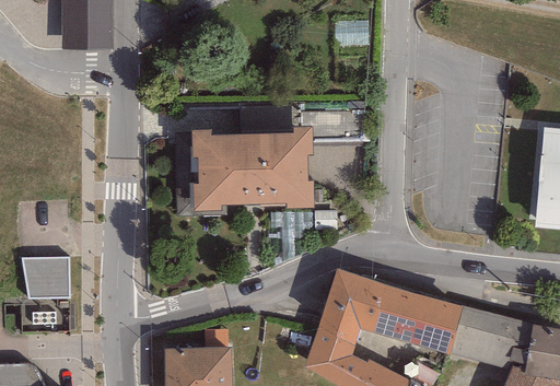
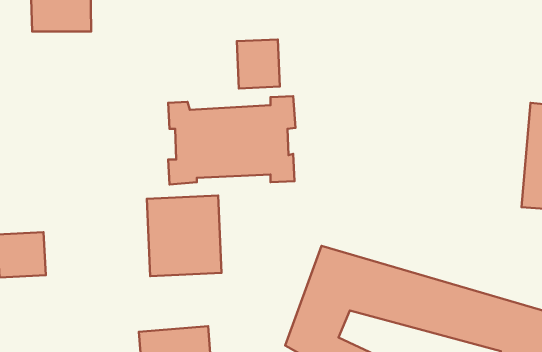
building: none -> [237,39,280,88]
building: none -> [147,195,222,276]

